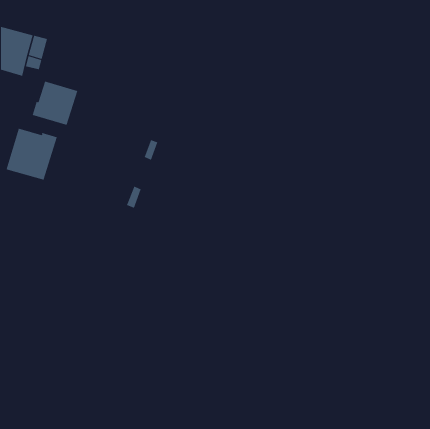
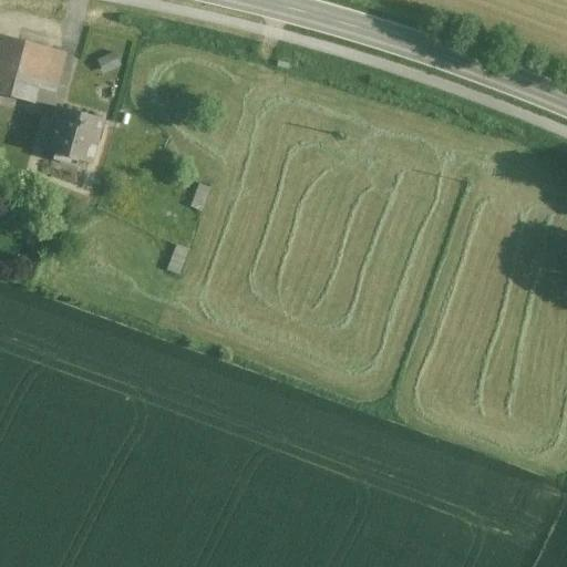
building: [6,128,57,180] -> none

